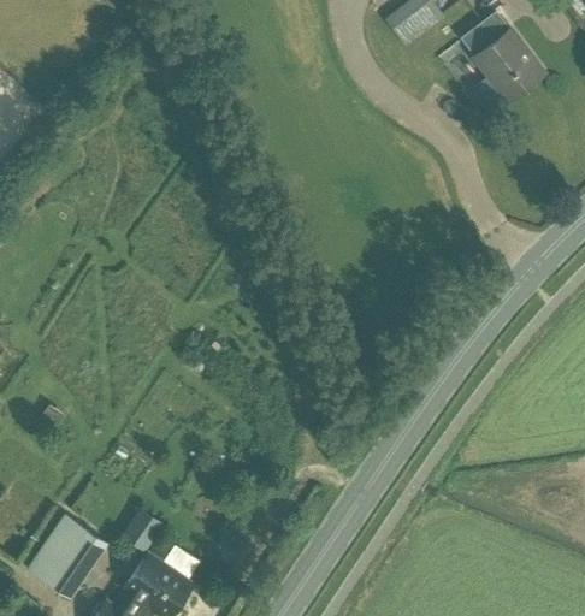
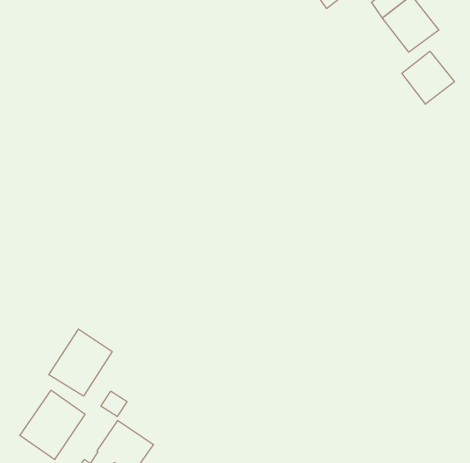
building: none -> [402,51,454,104]
building: none -> [49,329,112,396]

